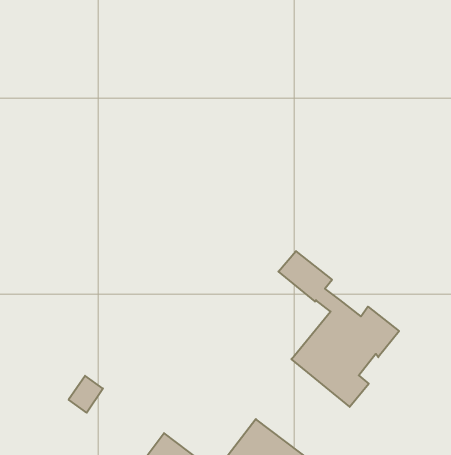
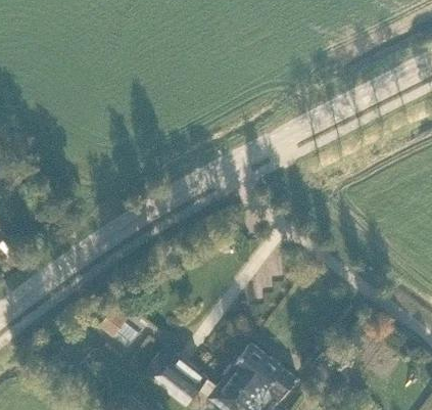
building: [278,251,399,407] -> none

